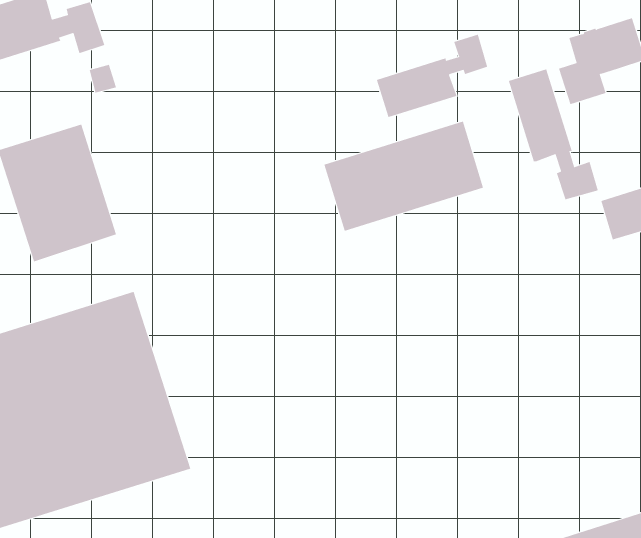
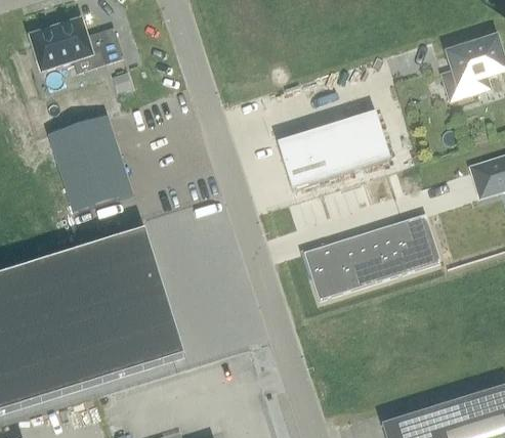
building: [376,34,488,118] -> none
building: [508,69,599,200] -> none
building: none -> [304,214,440,299]

